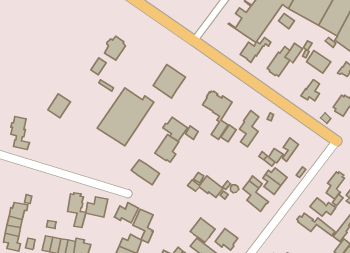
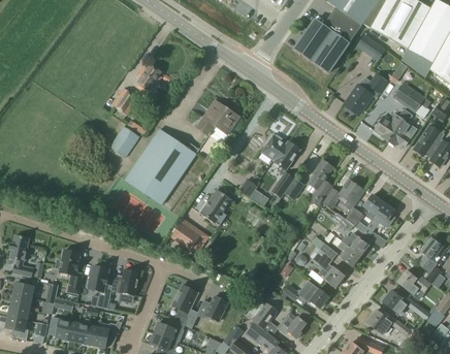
building: [240,37,271,62] -> [373,108,412,140]
building: none -> [413,124,442,156]
building: [48,94,70,118] -> [109,126,138,157]
building: [11,117,30,150] -> [9,235,33,278]
building: [163,117,187,141] -> none
building: none -> [323,180,364,206]
building: none -> [362,202,394,235]
building: [187,176,223,198] -> [283,280,328,308]
building: none -> [55,249,83,294]
building: [114,203,138,223] -> [196,295,227,321]
building: none -> [366,310,410,335]

